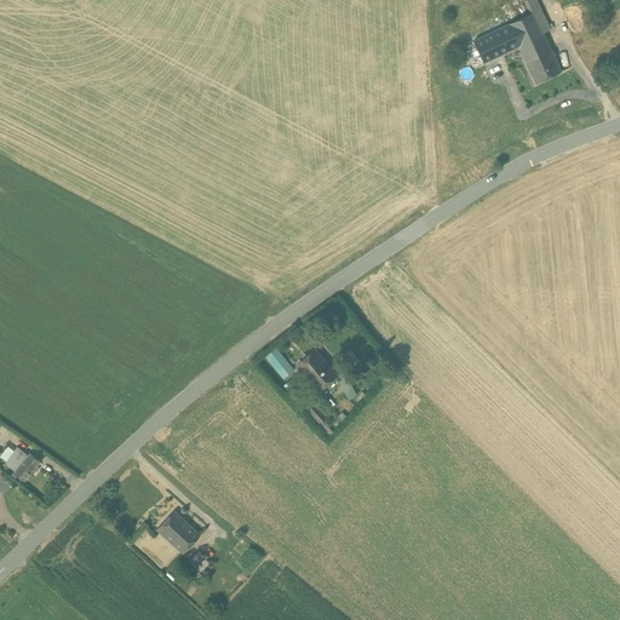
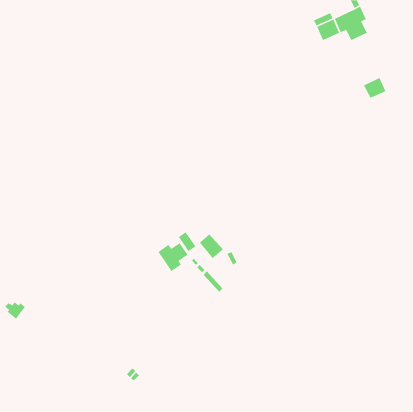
building: [526,50,561,82] -> [363,77,386,99]
building: none -> [157,242,189,272]
building: [157,510,200,552] -> none

